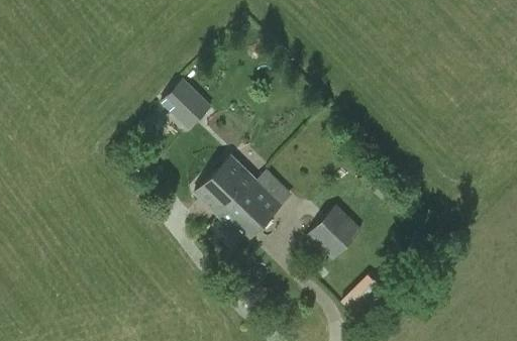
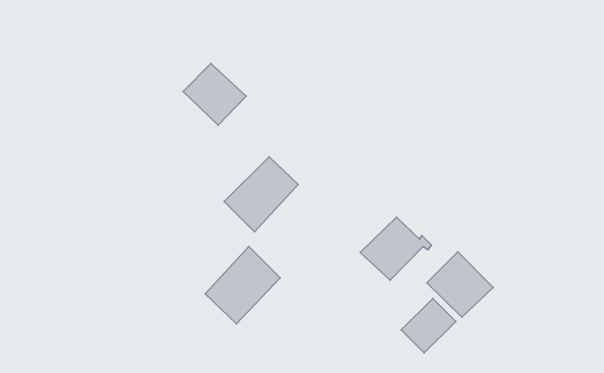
building: [220,179,283,243] -> [205,246,280,324]
building: none -> [427,252,493,317]

